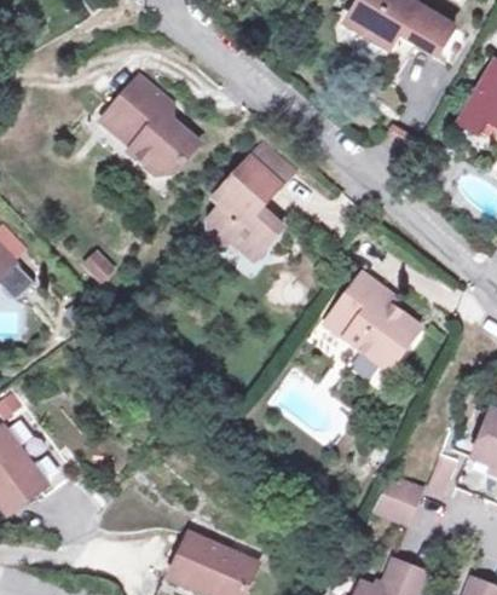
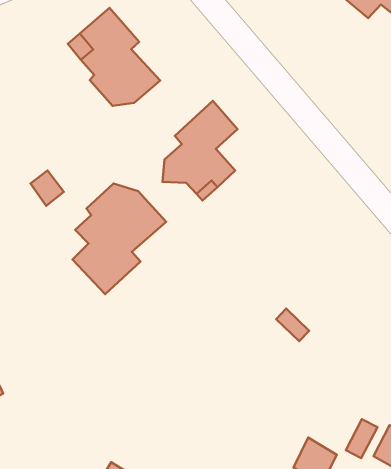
building: none -> [73,184,166,294]
building: [325,266,416,360] -> none

